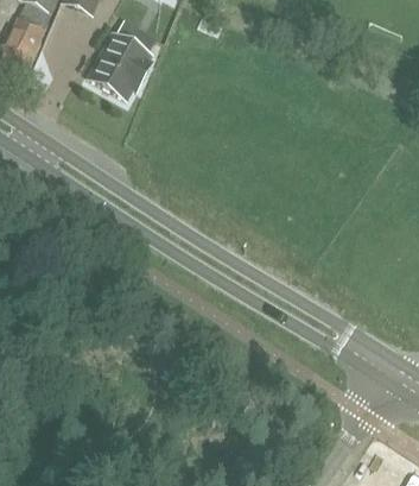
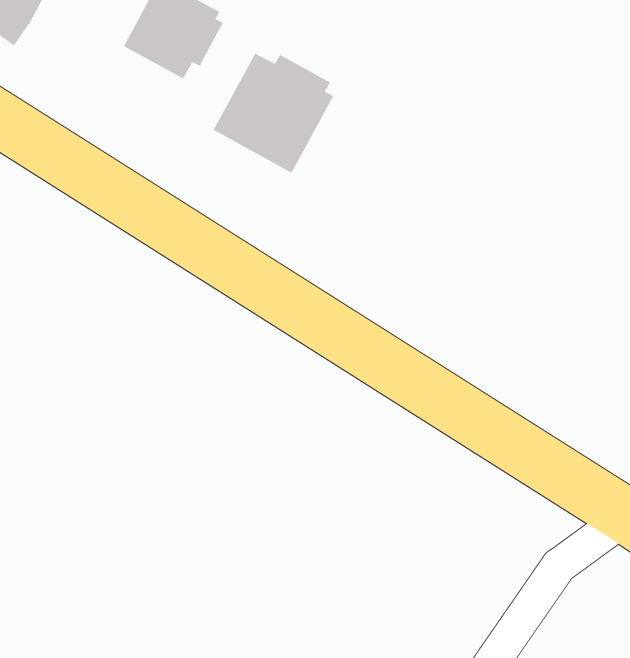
building: none -> [213,52,334,174]

